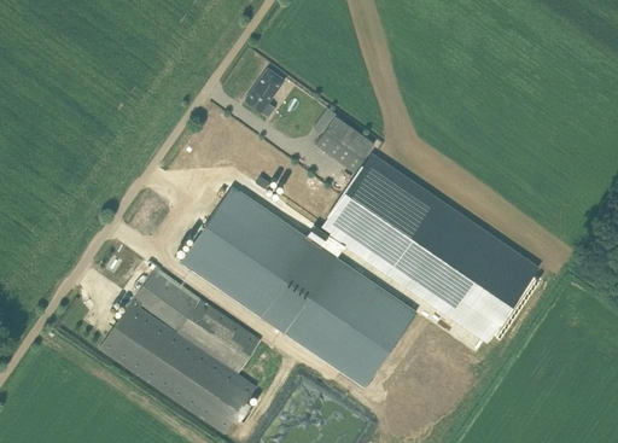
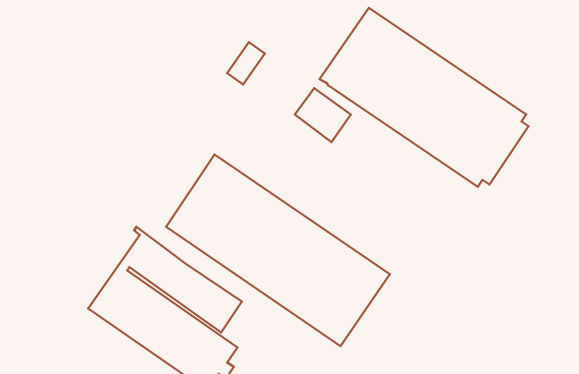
building: [321,153,541,342] -> [320,8,528,187]

